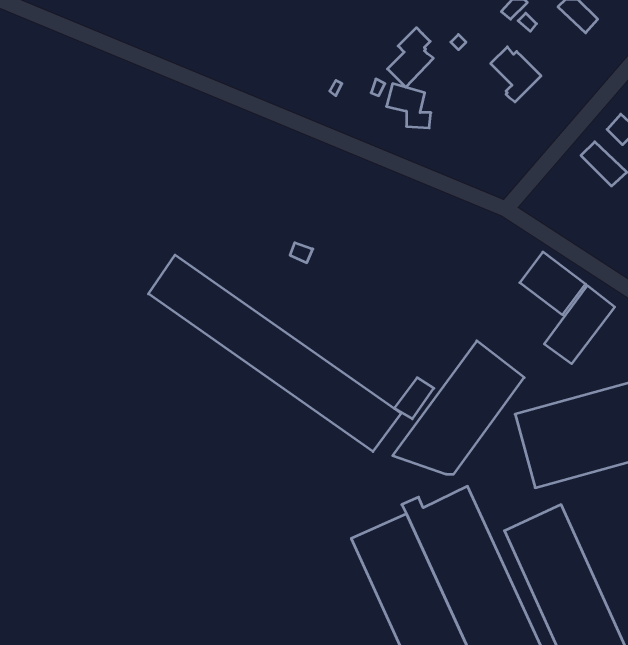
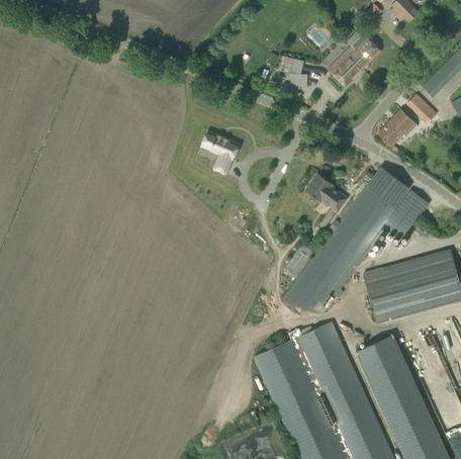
building: [387,28,433,87] -> [333,48,363,87]
building: none -> [377,109,417,147]
building: none -> [201,130,239,159]
building: [148,255,401,452] -> none
building: none -> [304,173,348,212]
building: none -> [338,187,396,250]

